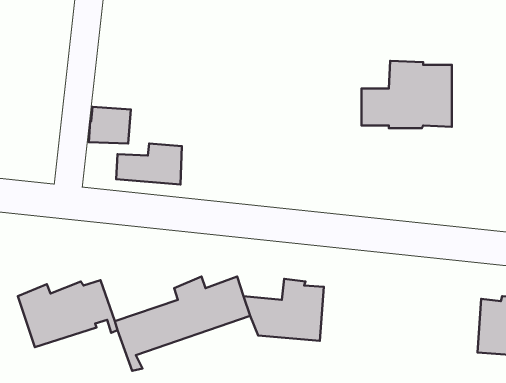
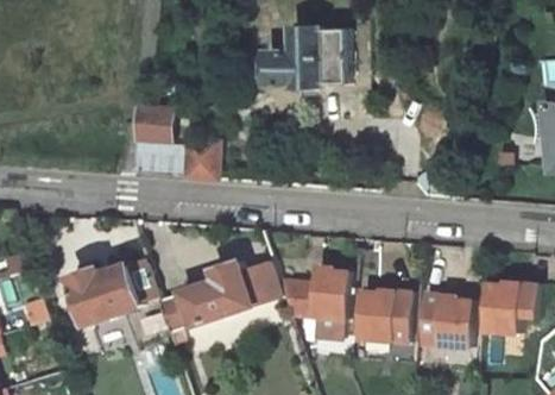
building: [361,61,452,128] -> [265,27,347,88]
building: none -> [354,288,411,343]
building: none -> [418,291,474,347]

